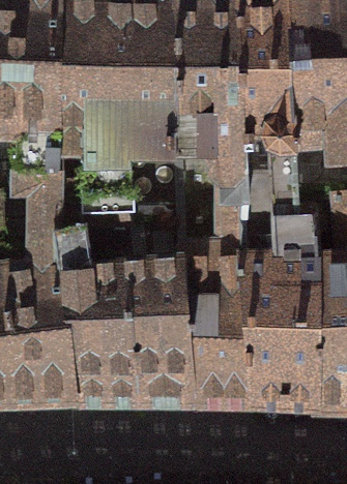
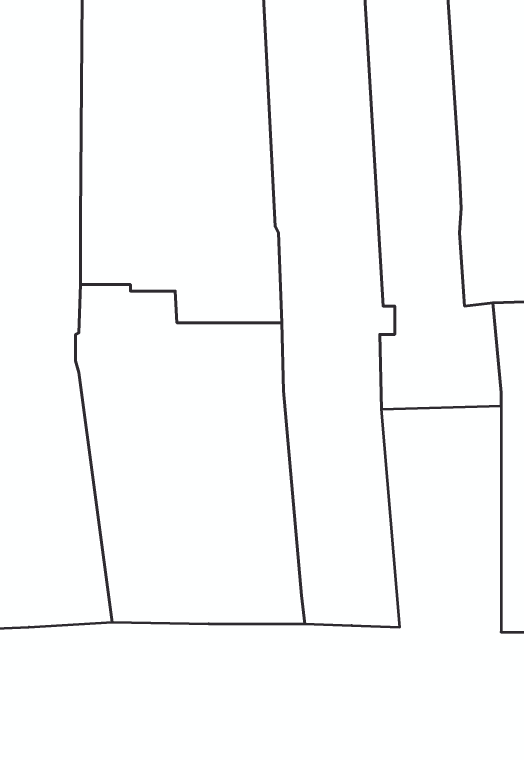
building: [243,259,318,399] -> none

